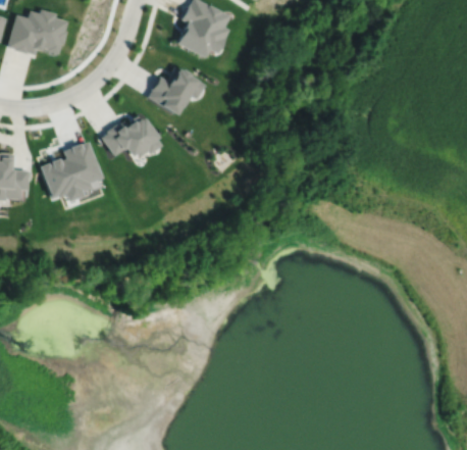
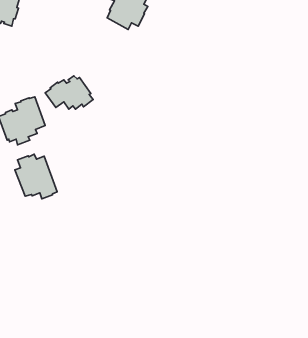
building: [147,67,204,115] -> none
building: none -> [15,154,57,199]

